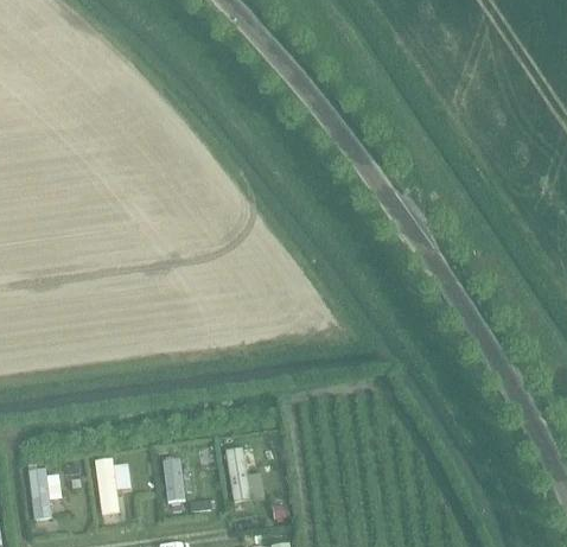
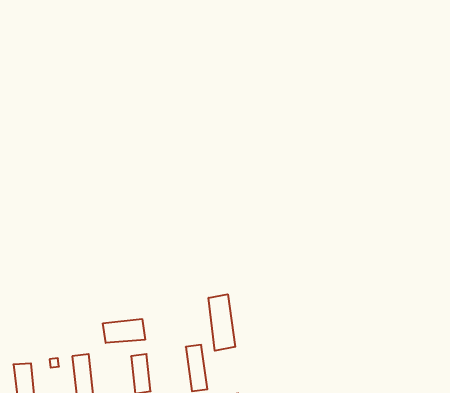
building: none -> [209,294,235,351]
building: none -> [103,319,145,343]

